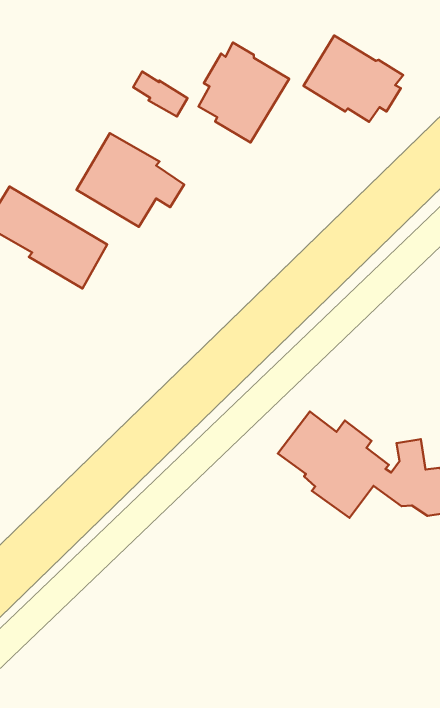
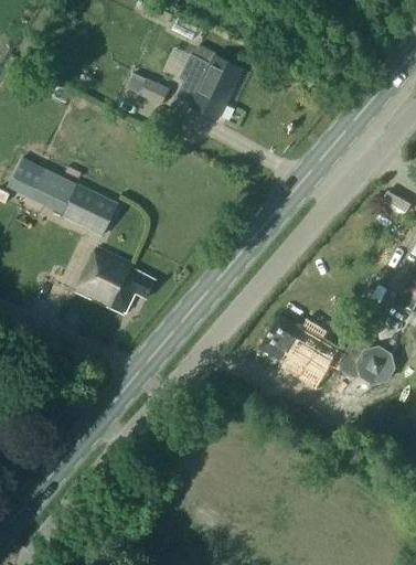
building: [304,35,403,122] -> none
building: [76,133,184,227] -> [75,247,154,315]

